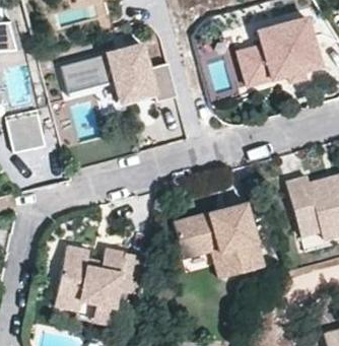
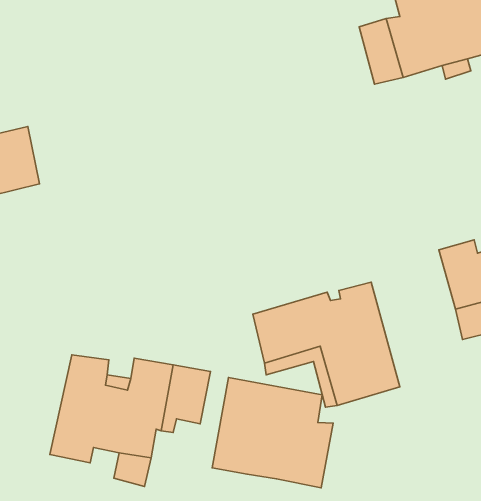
building: [62,44,178,102] -> none
building: none -> [212,377,333,488]

